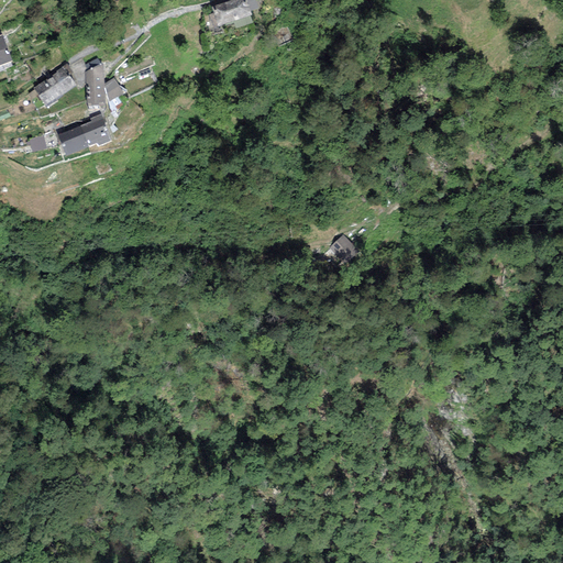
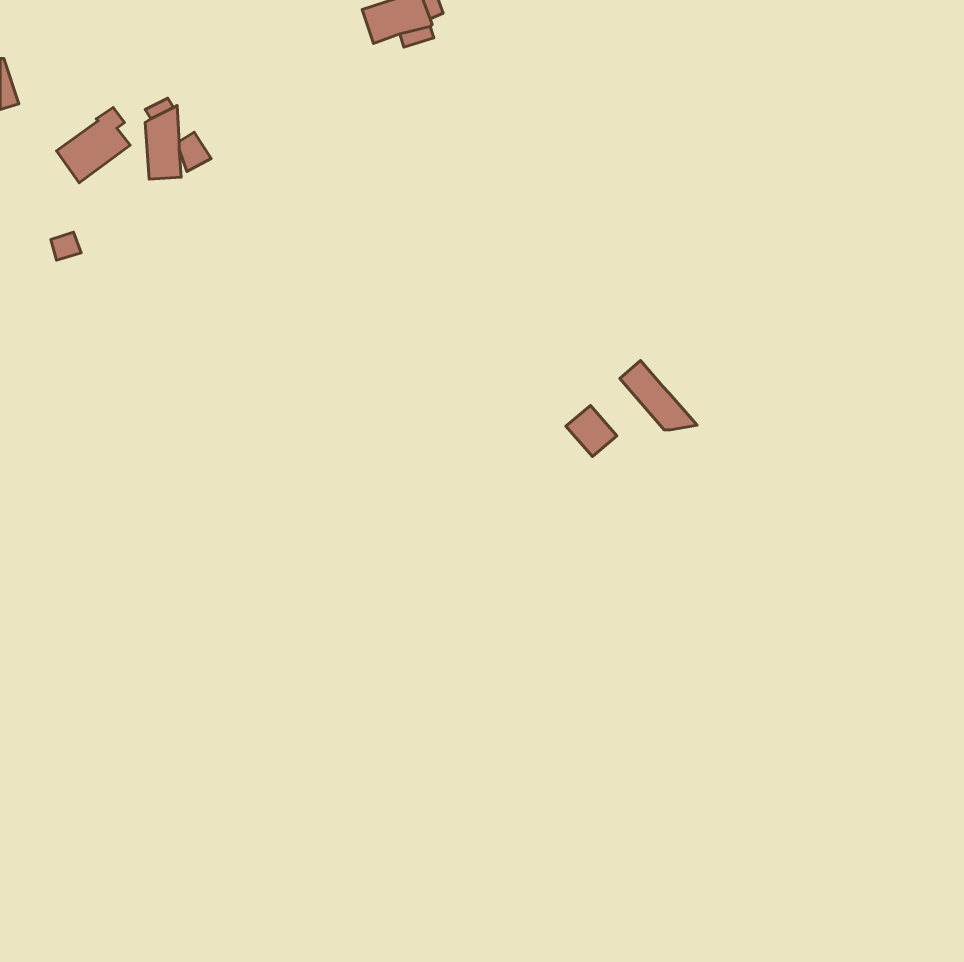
building: [57,113,111,154] -> none
building: none -> [620,361,697,430]

